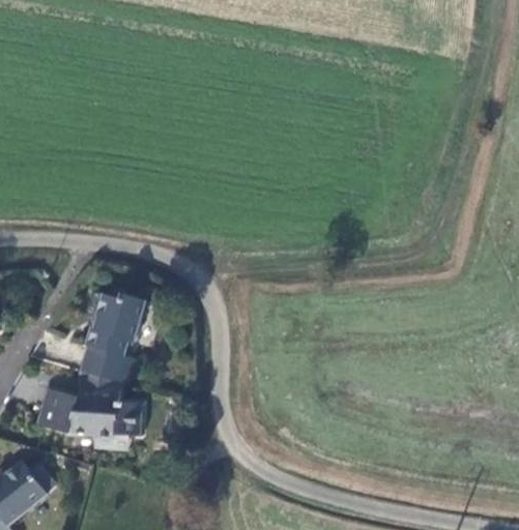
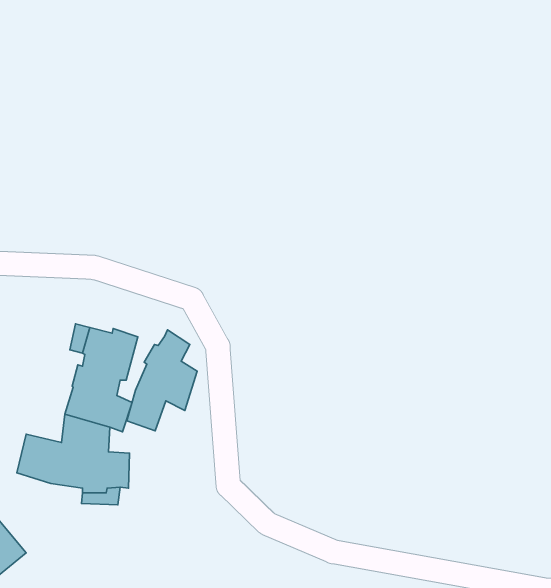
building: none -> [127,330,197,431]

